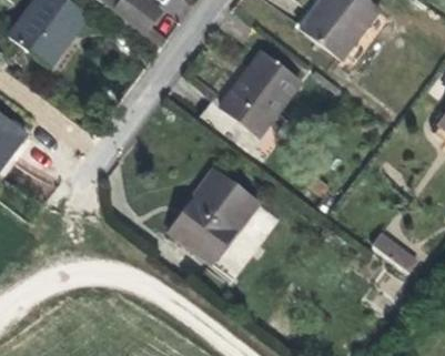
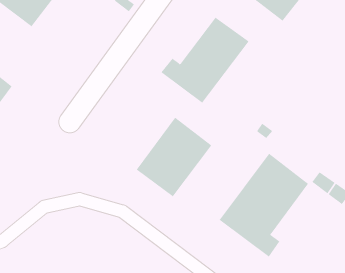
building: none -> [219,153,309,258]

